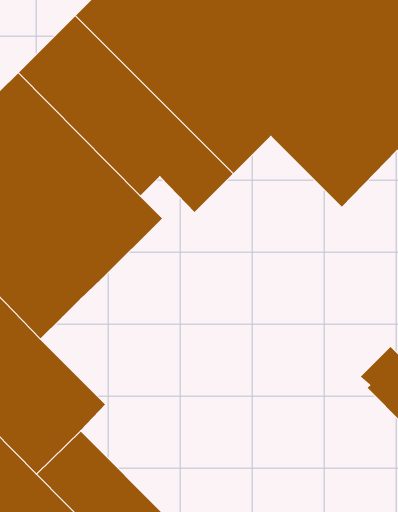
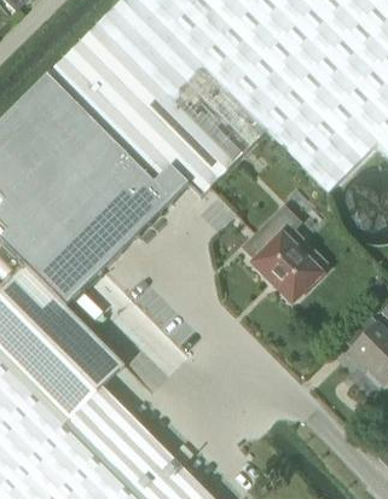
building: none -> [244,208,328,301]

